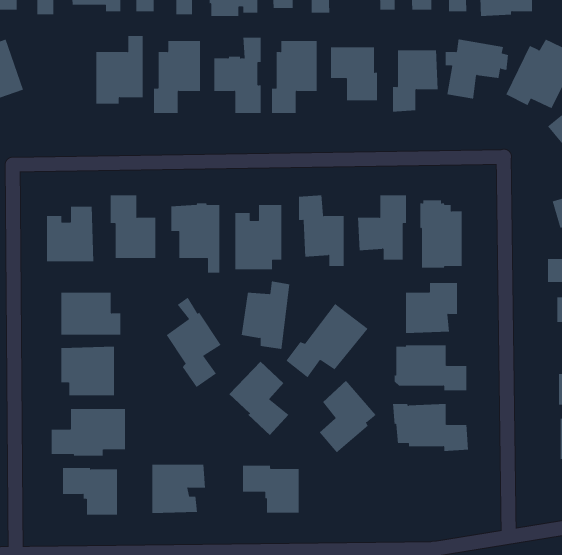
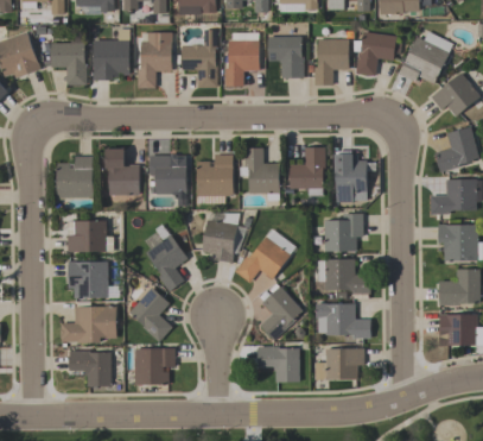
building: none -> [51,33,87,86]
building: [228,361,289,436] -> [128,286,173,342]
building: none -> [314,348,364,379]
building: [242,465,300,513] -> [258,346,300,382]

